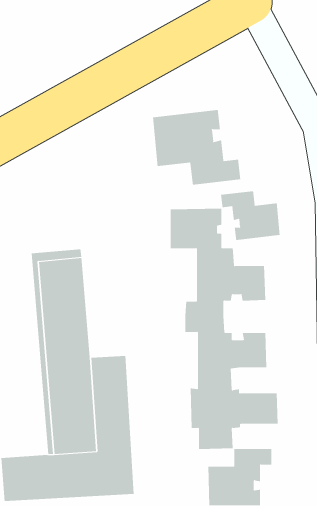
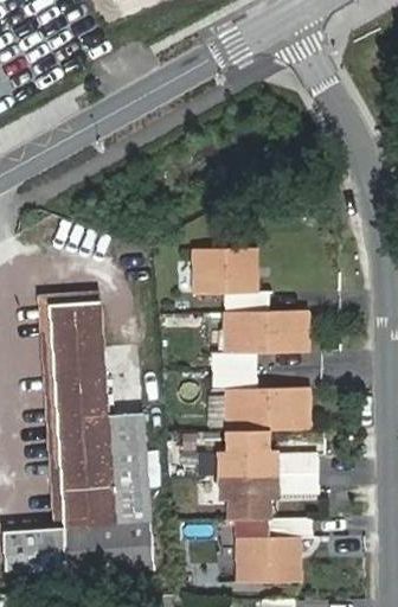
building: [152,109,241,186] -> none
building: [221,190,280,241] -> none

